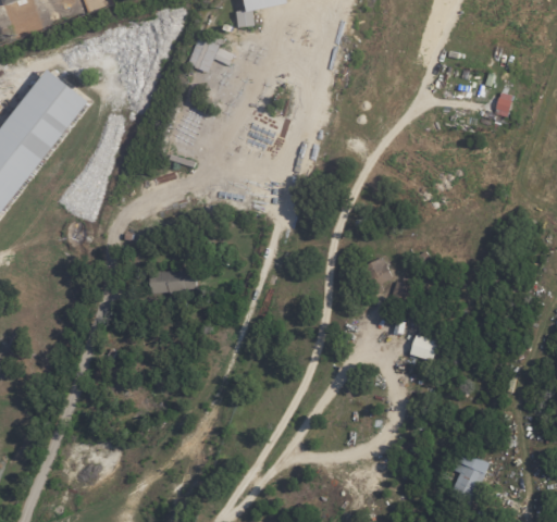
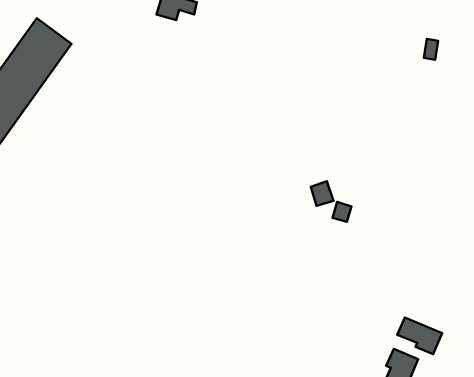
building: [147,268,195,295] -> none
building: [408,335,436,361] -> none
building: none -> [397,317,442,354]

